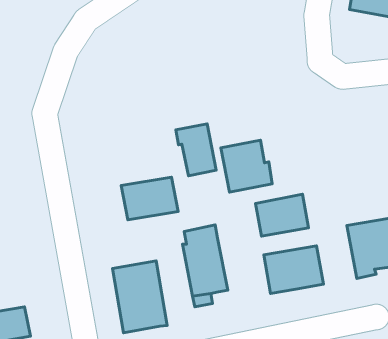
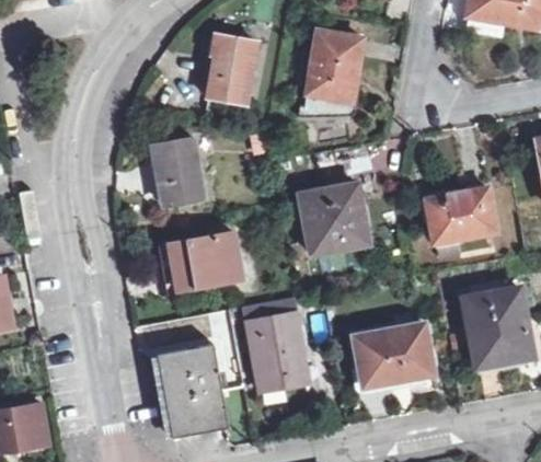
building: none -> [301,31,360,116]
building: none -> [203,34,258,104]
building: [176,124,216,176] -> [150,138,203,206]
building: [256,194,309,236] -> [424,187,493,242]

